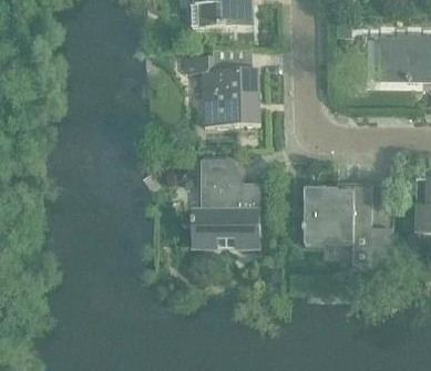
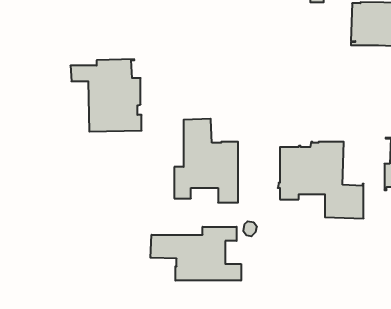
building: [183,49,258,125] -> [70,59,142,132]
building: none -> [150,227,241,281]

